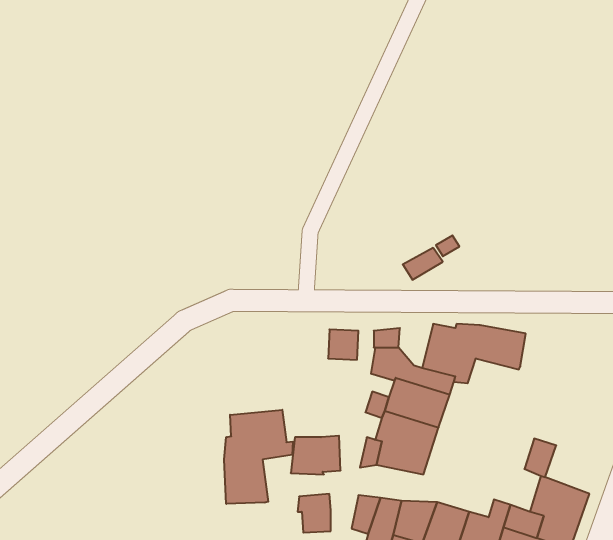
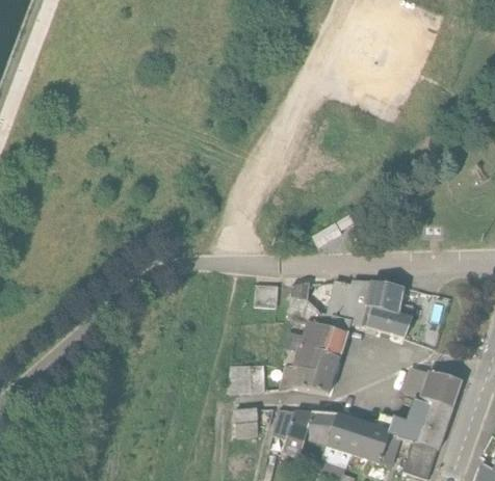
building: none -> [361,305,412,336]
building: [224,410,293,504] -> none
building: none -> [419,370,461,407]

